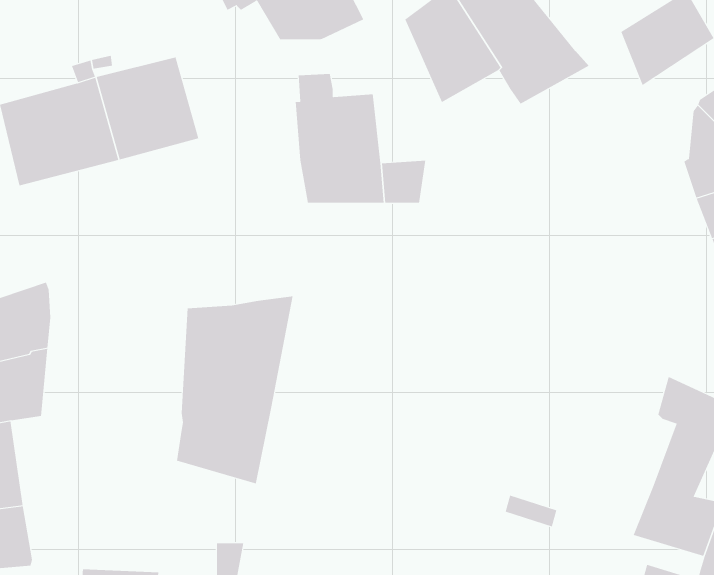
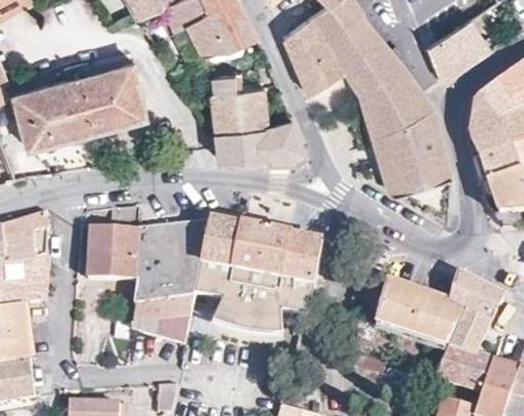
building: none -> [360,70,450,194]
building: none -> [195,221,324,325]
building: none -> [89,227,139,299]
building: none -> [376,279,464,347]

